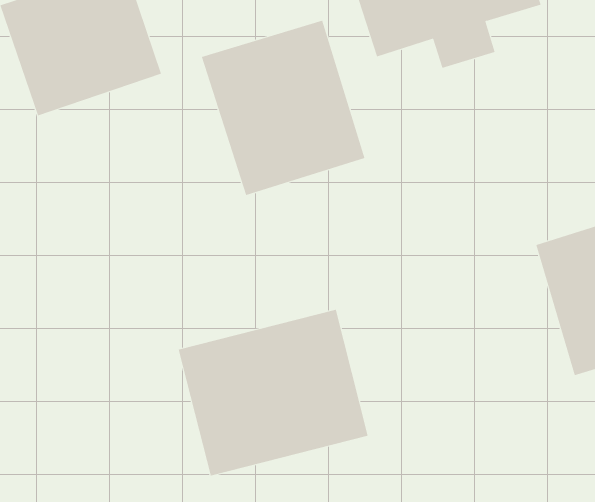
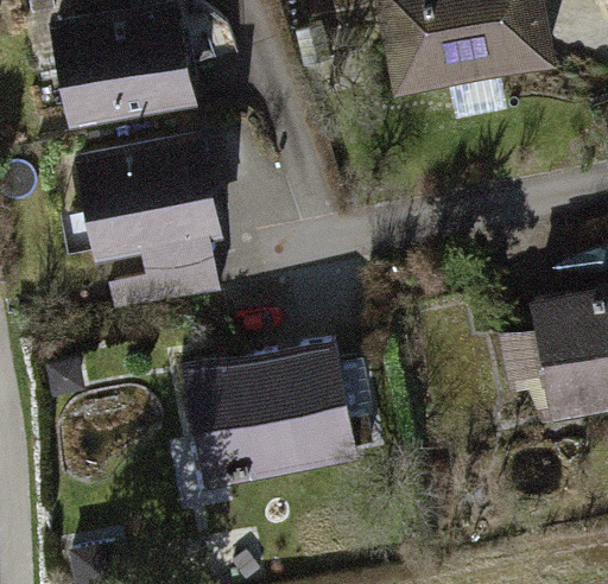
building: [201,20,365,196] -> none
building: none -> [75,132,218,290]

